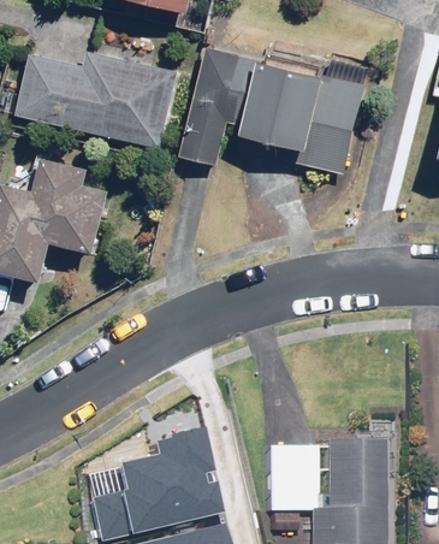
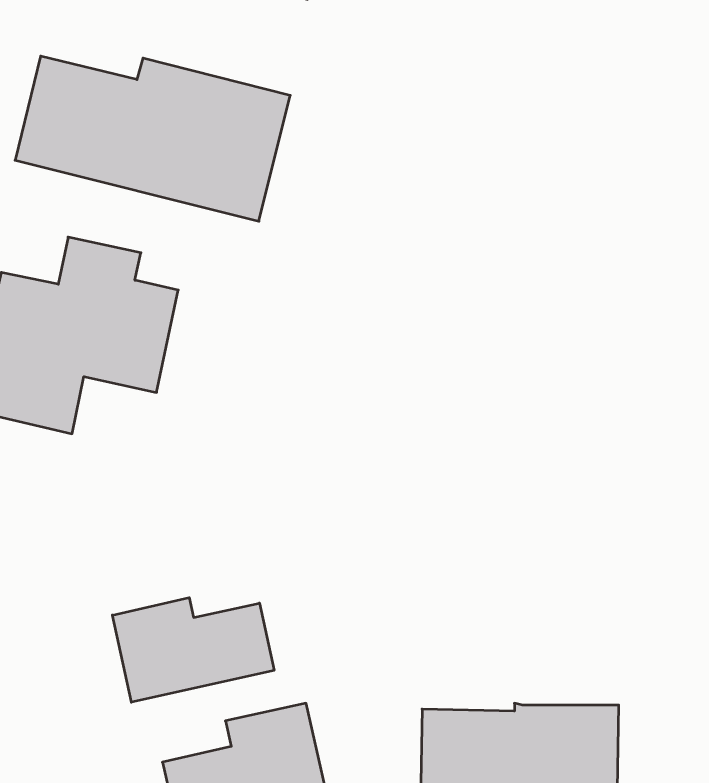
building: [180,46,368,173] -> none
building: none -> [112,598,274,702]

